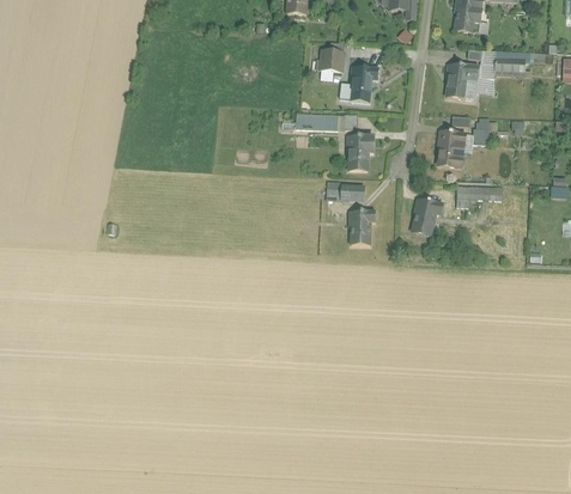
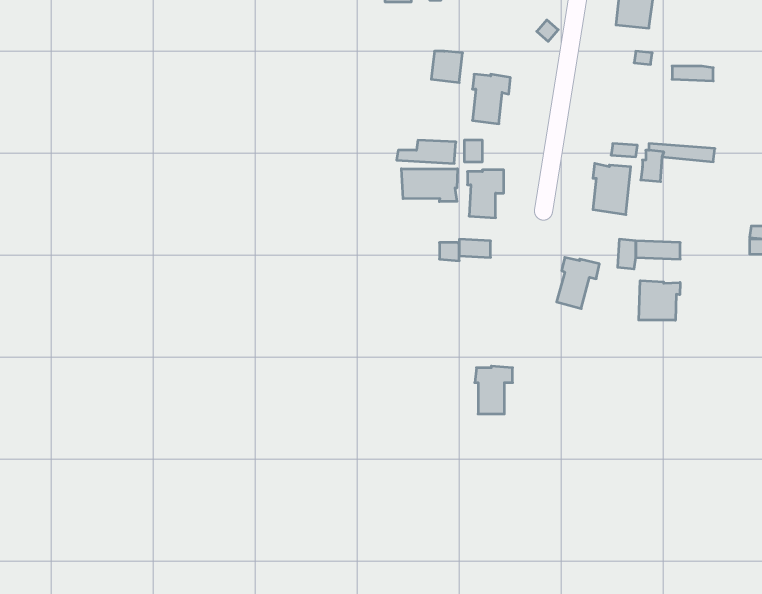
building: [447,63,480,100] -> none
building: none -> [401,169,457,202]
building: [348,209,376,244] -> [475,366,513,414]
building: none -> [639,281,680,320]

